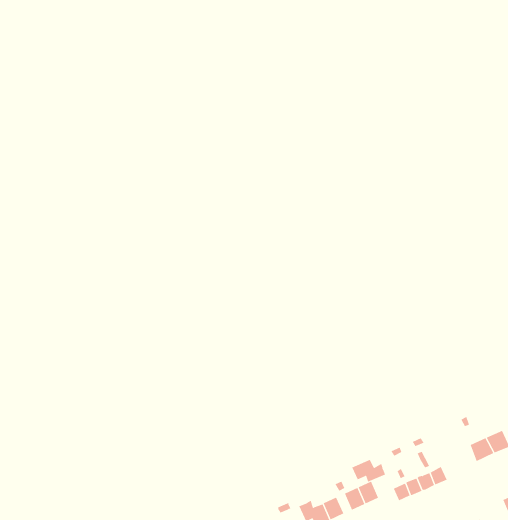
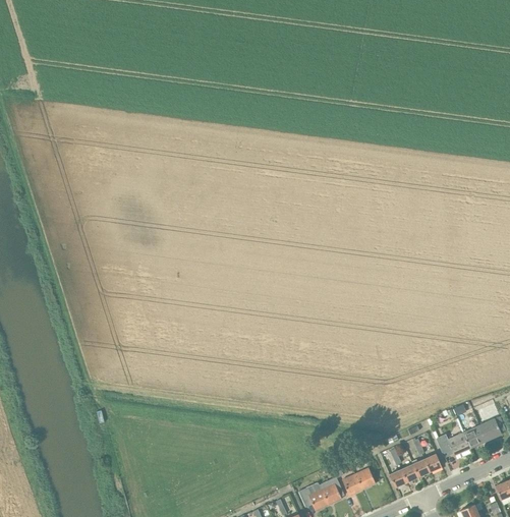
building: none -> [436,433,469,458]
building: [352,459,386,482] -> none

